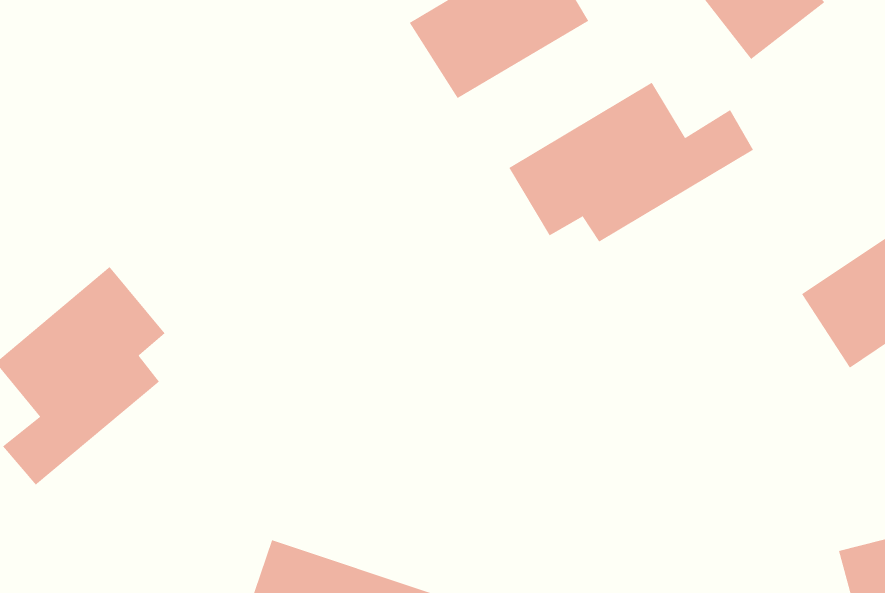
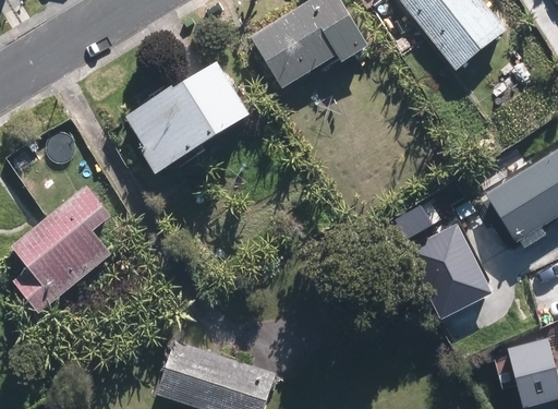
building: none -> [137,67,246,167]
building: [508,82,754,243] -> none
building: none -> [413,234,497,312]

